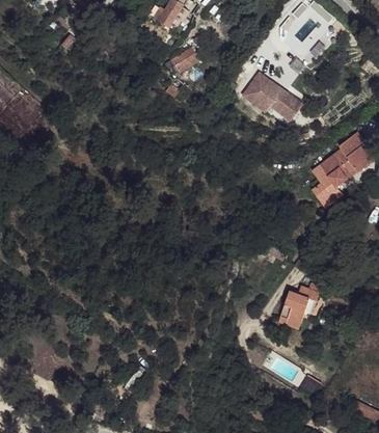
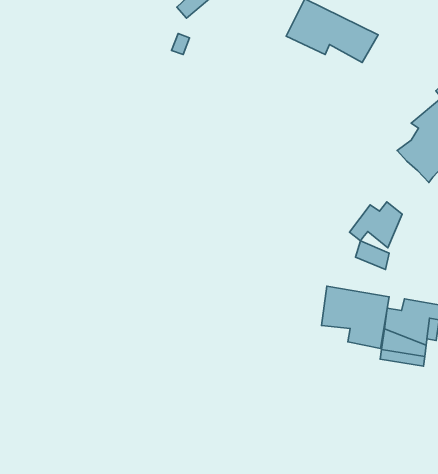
building: none -> [349,202,402,248]
building: none -> [322,286,389,348]

